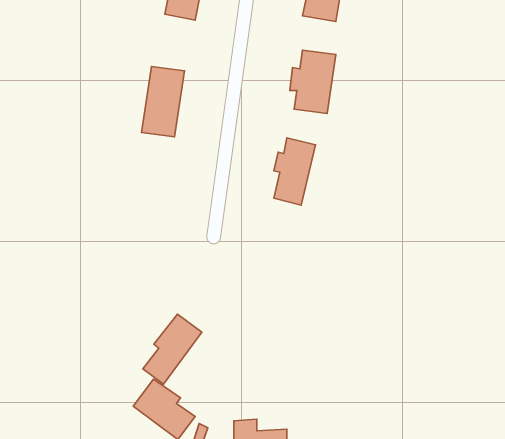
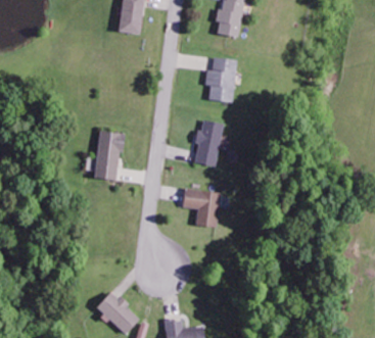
building: [142,66,185,137] -> [93,131,124,181]
building: none -> [183,188,222,228]
building: [143,314,202,384] -> none

